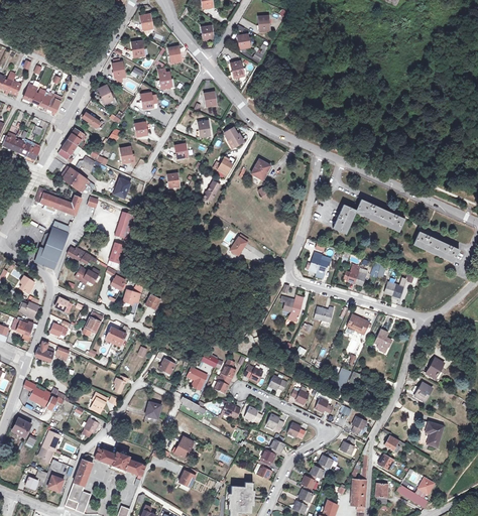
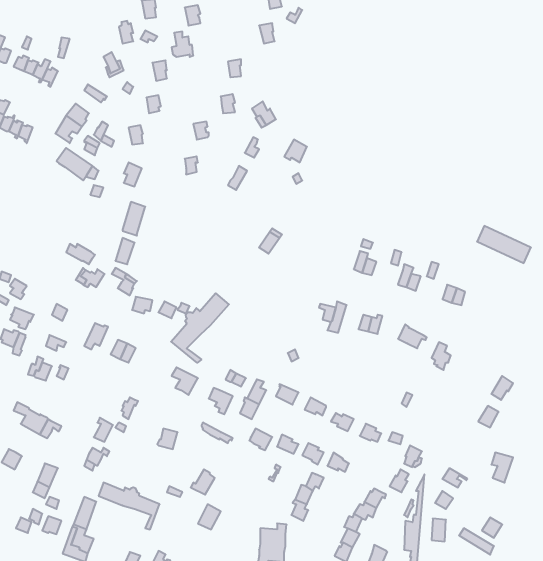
building: [36,187,82,215] -> none
building: [333,199,404,233] -> none
building: [35,221,70,268] -> none
building: none -> [171,293,229,363]

